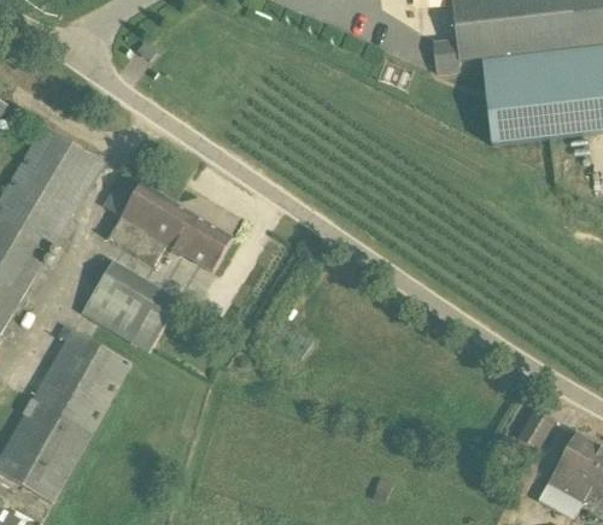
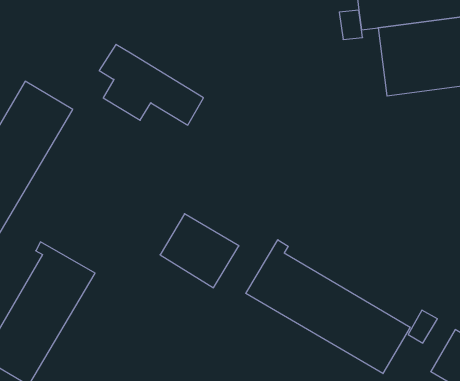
building: [104,171,233,271] -> [99,44,203,125]
building: [82,260,180,352] -> [160,214,239,288]
building: none -> [246,240,410,374]

